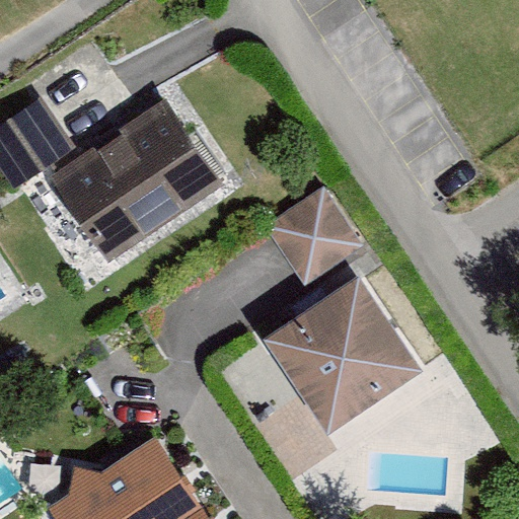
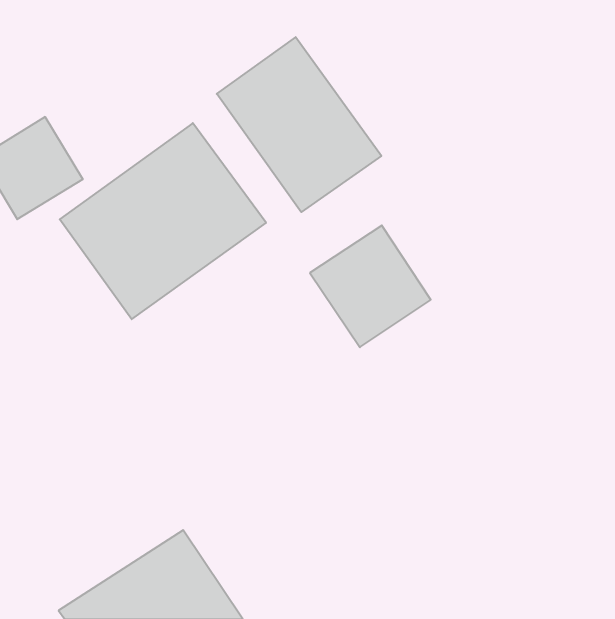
building: none -> [217,37,381,212]
building: [264,271,432,433] -> none

